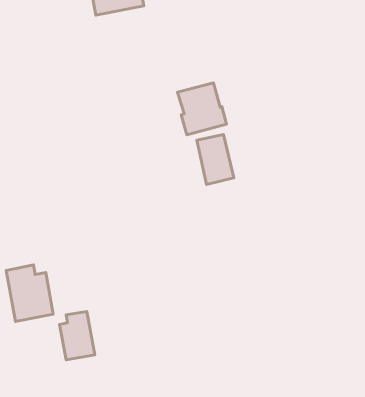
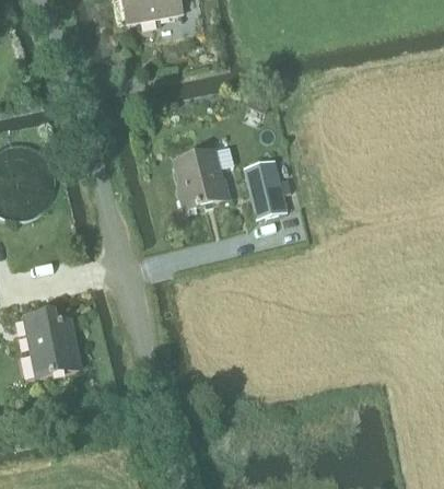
building: [178,83,227,135] -> [173,149,230,209]
building: [60,311,95,360] -> none

